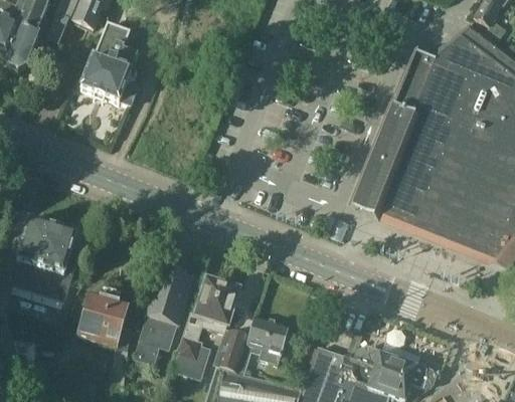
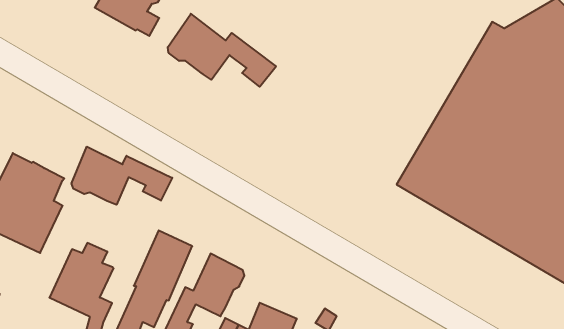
building: none -> [168,14,276,87]
building: none -> [72,147,172,205]

